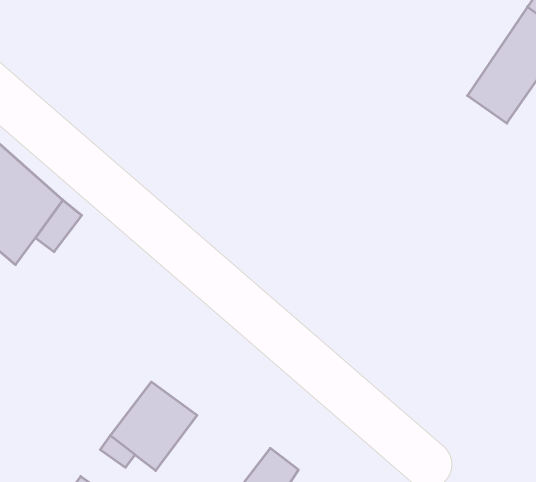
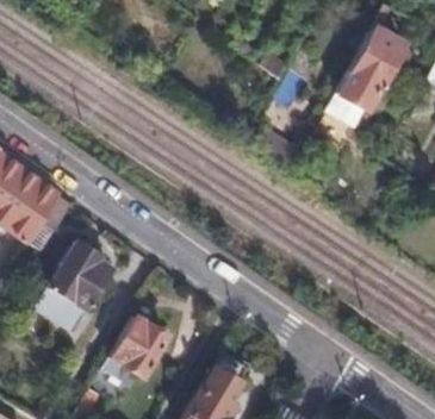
building: none -> [37,244,111,329]

